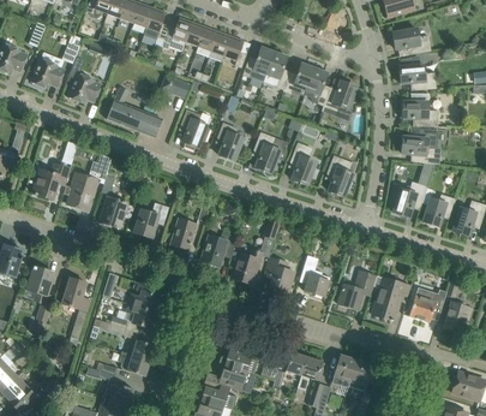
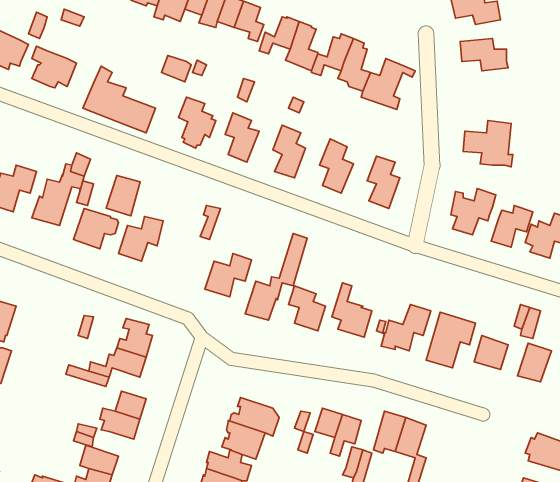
building: [402,93,437,125] -> none
building: [169,218,196,249] -> [106,176,140,216]
building: [61,277,90,338] -> none

